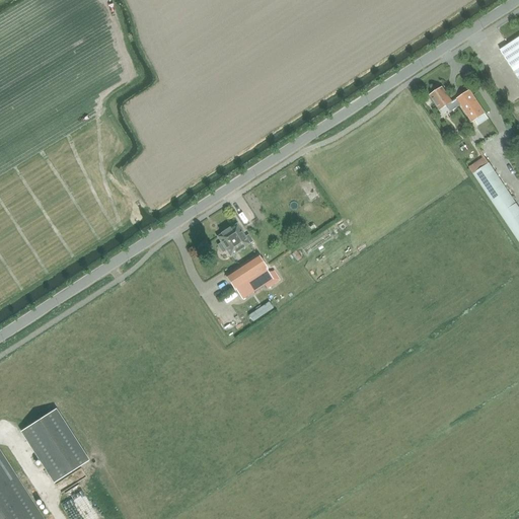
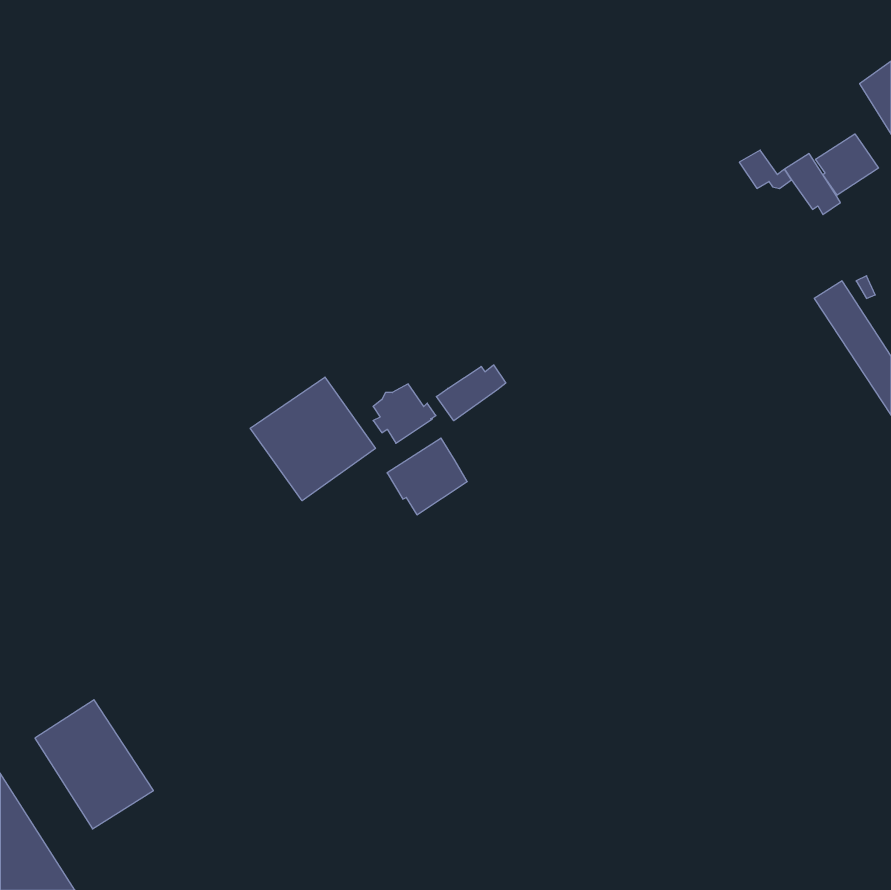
building: none -> [816,134,879,195]
building: none -> [436,365,506,421]
building: none -> [250,377,375,501]

